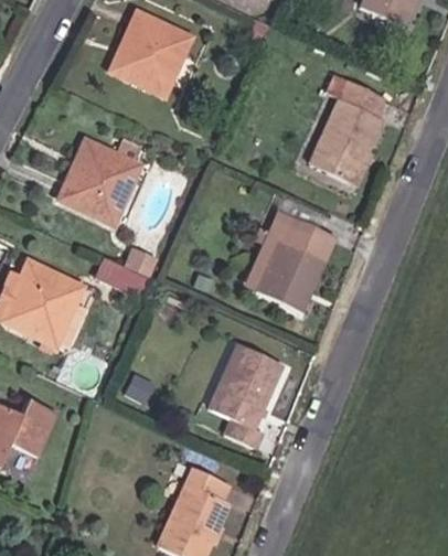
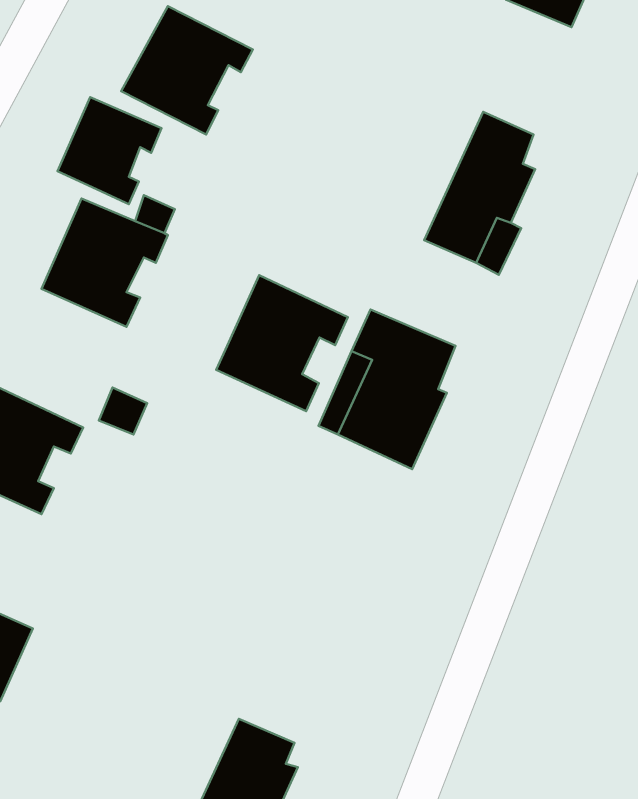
building: none -> [58,97,161,204]
building: none -> [216,275,348,411]
building: [205,344,279,445] -> none

